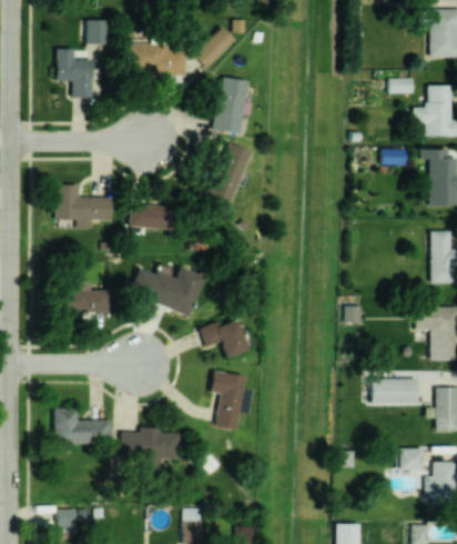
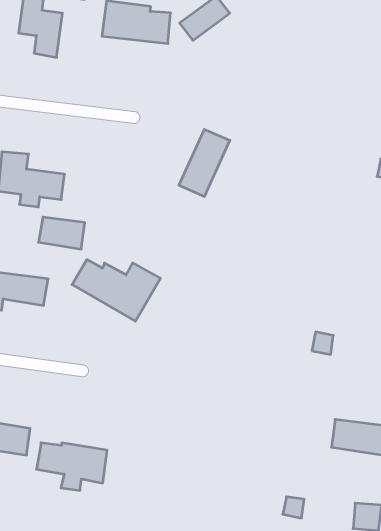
building: [215,77,247,133] -> none
building: [131,205,169,229] -> [38,217,85,249]
building: [200,320,247,357] -> none
building: [211,371,252,430] -> none

